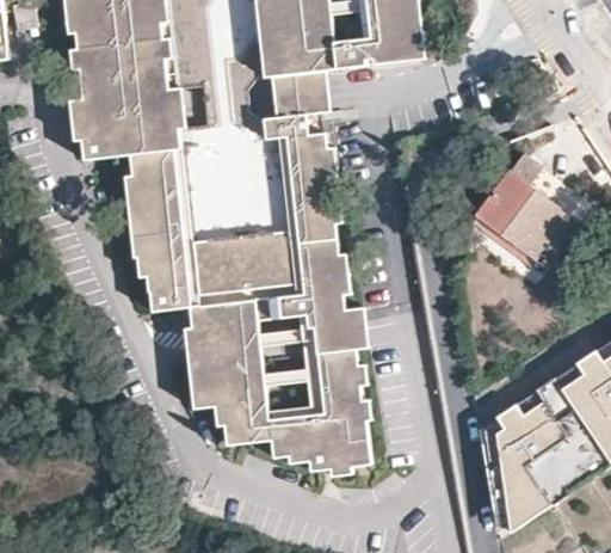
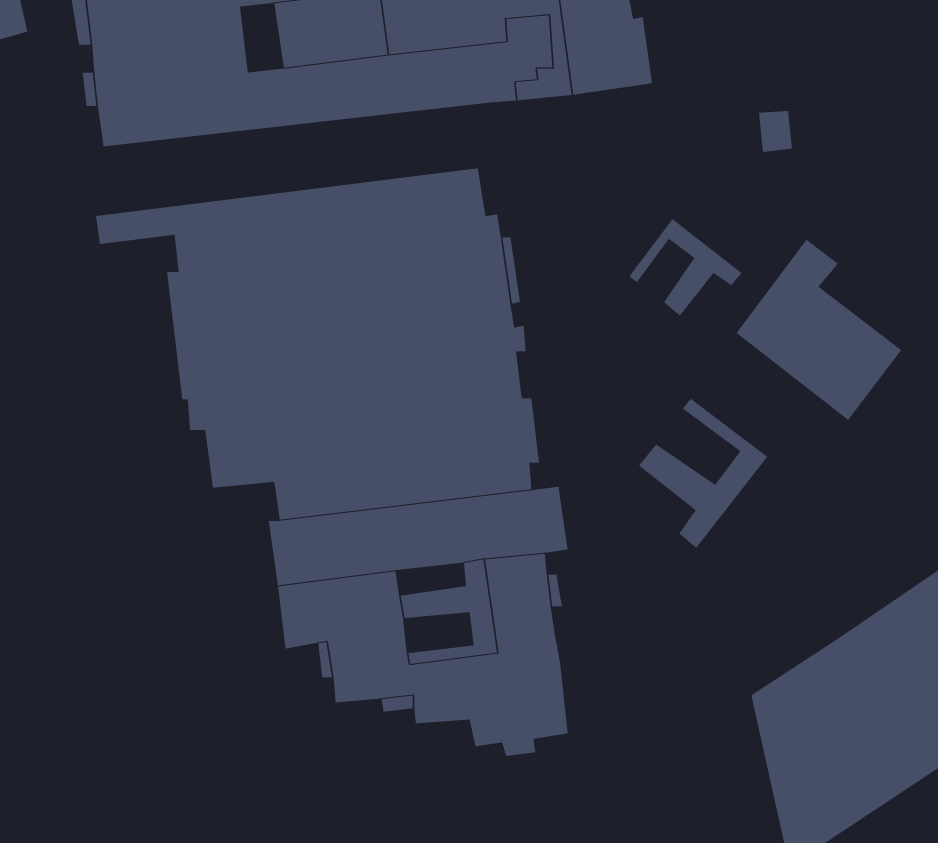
building: [66,67,327,139] -> none
building: none -> [628,218,742,316]
building: none -> [638,398,768,549]

